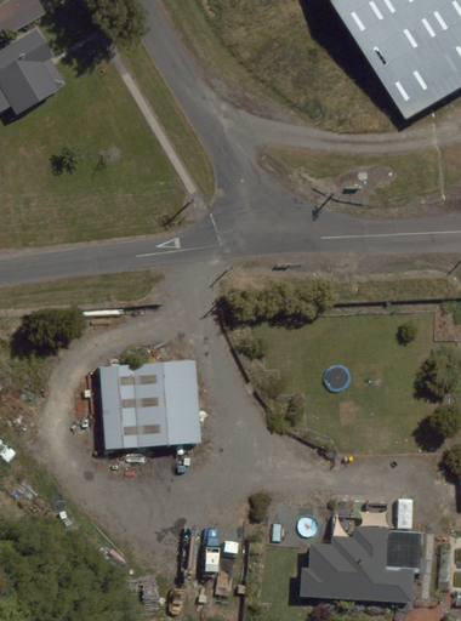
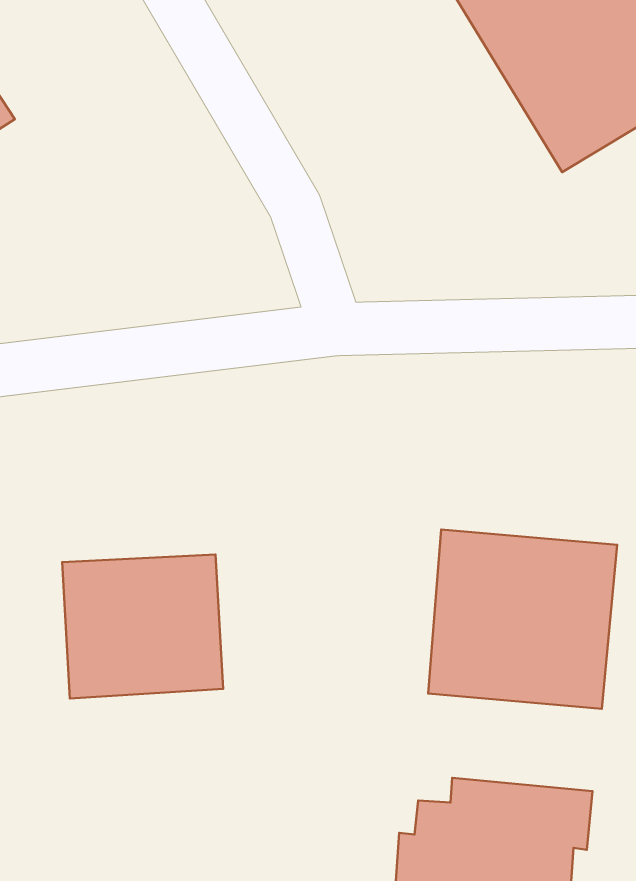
building: none -> [428,530,617,709]

